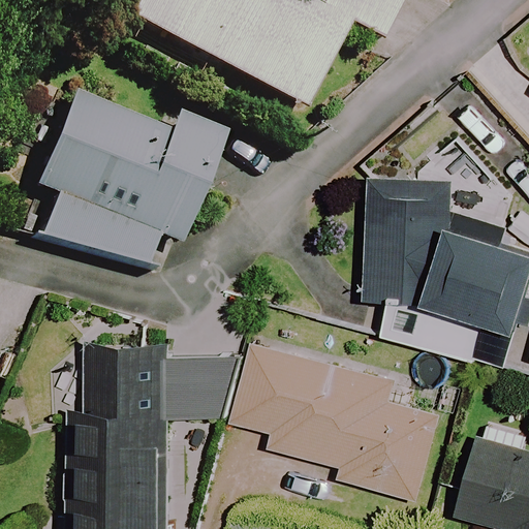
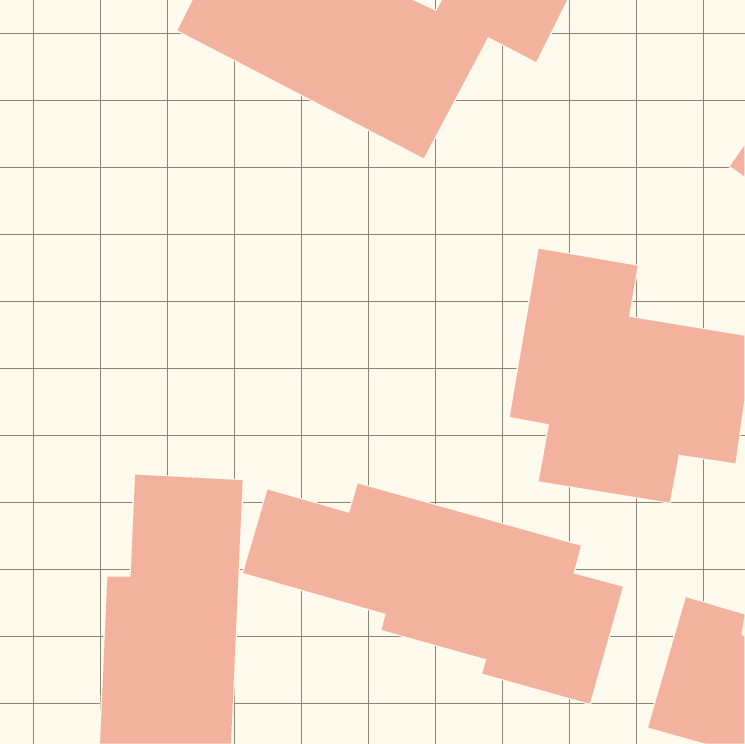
building: [31,96,218,274] -> none

